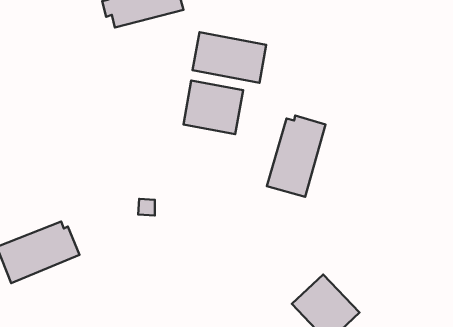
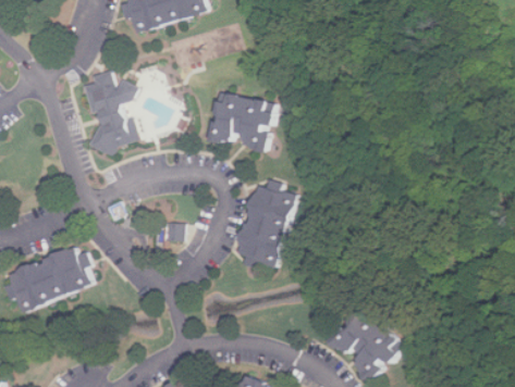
building: [193,32,266,83] -> none
building: none -> [76,68,131,154]
building: [267,116,326,197] -> [234,180,299,271]

